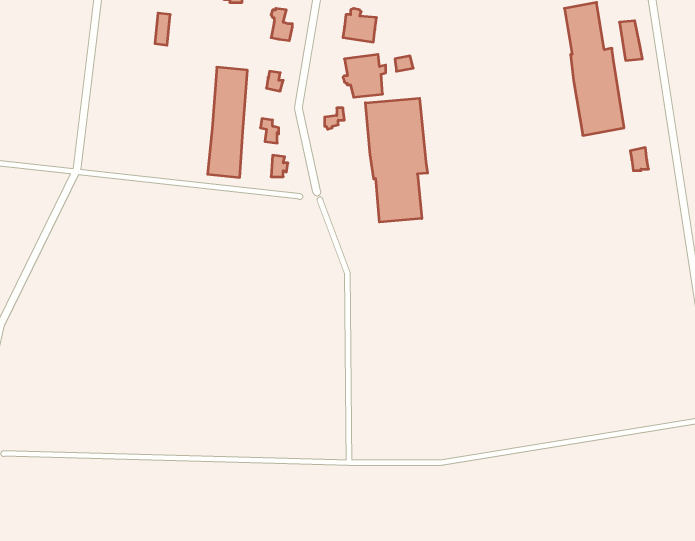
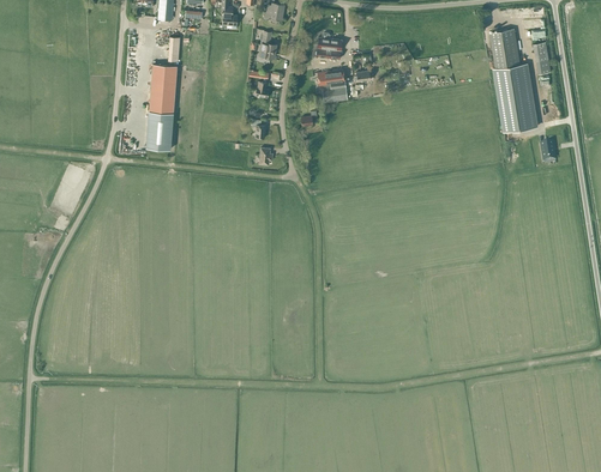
building: [208,67,247,177] -> [146,63,178,150]
building: [365,98,428,222] -> none

